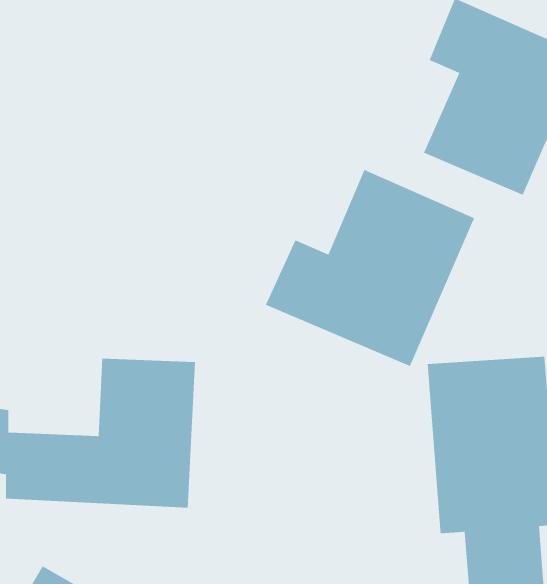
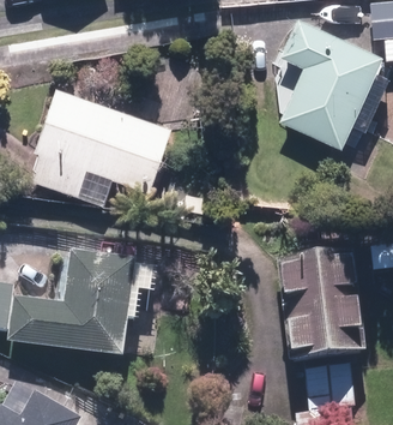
building: none -> [30,85,170,208]
building: [265,169,475,367] -> none

